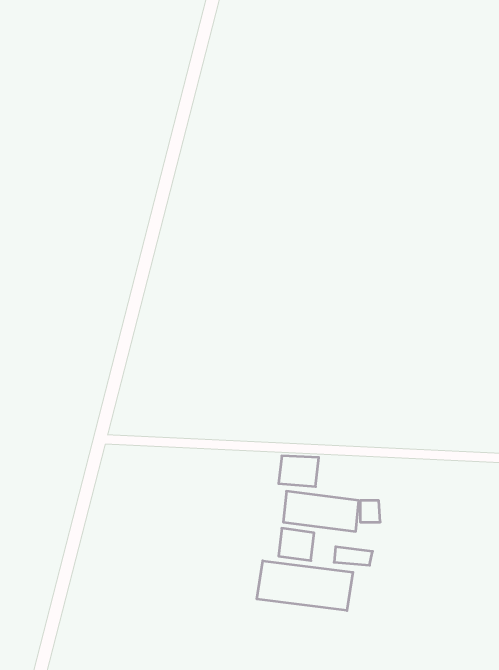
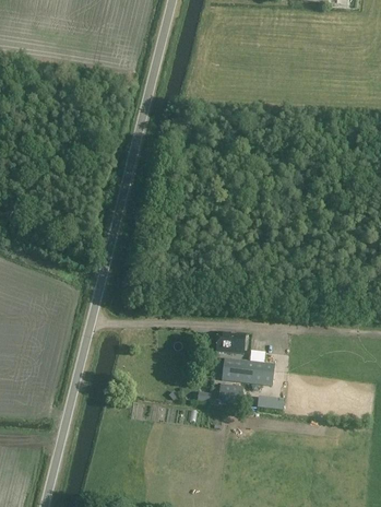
building: [257,561,353,611] -> none

